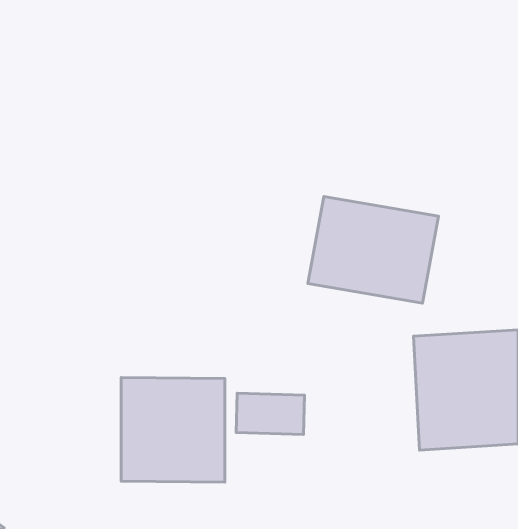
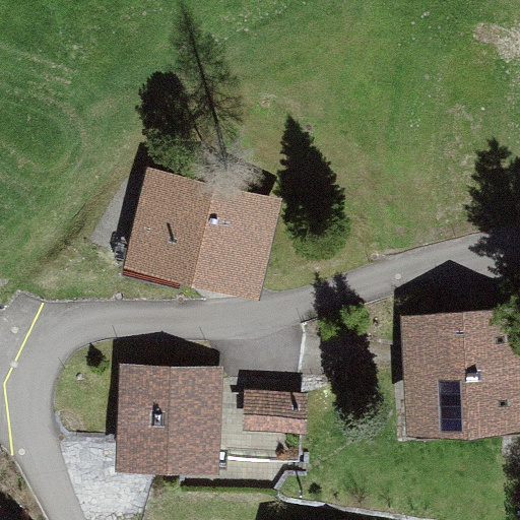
building: none -> [128,176,279,285]
building: [308,196,439,303] -> none

